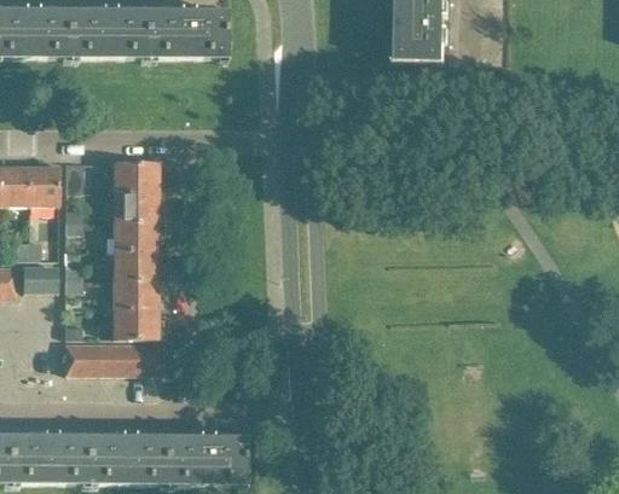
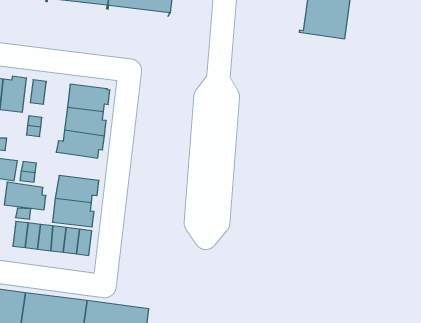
building: [111,251,162,280] -> [4,182,46,210]

